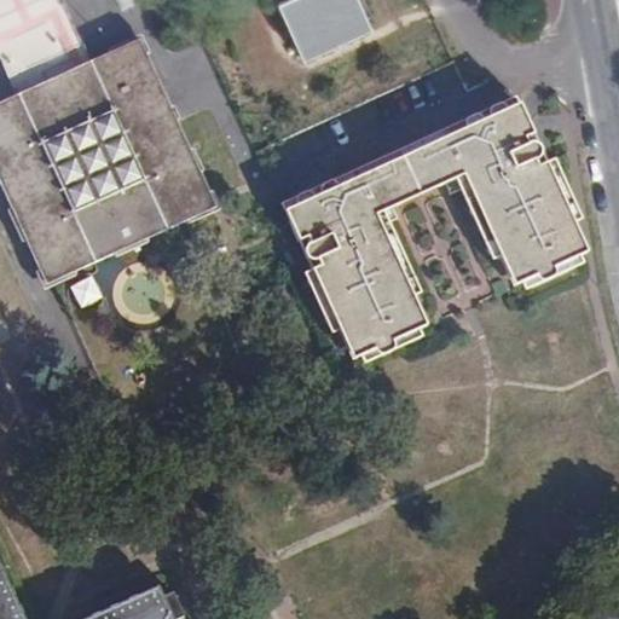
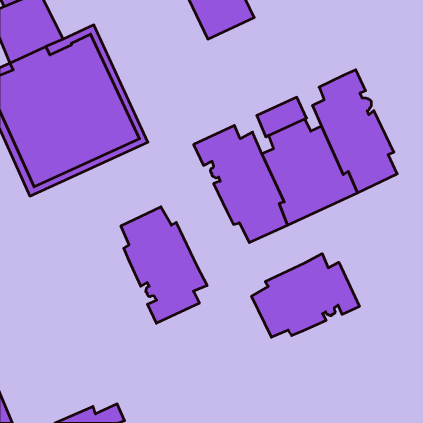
building: [432,127,472,191] -> none
building: [341,168,398,224] -> none
building: none -> [121,207,207,323]
building: none -> [252,254,359,337]

